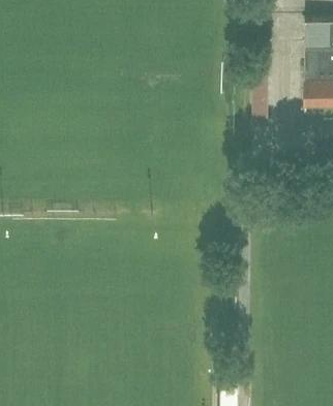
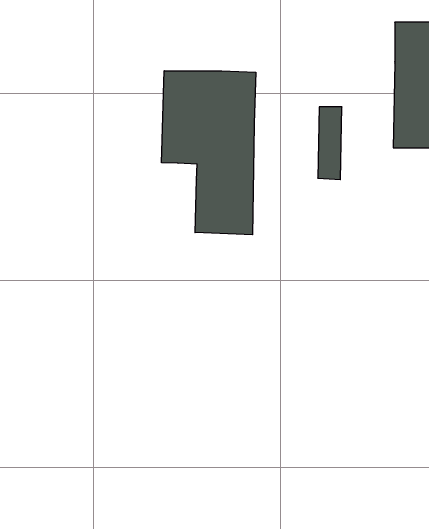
building: none -> [162,71,256,235]

